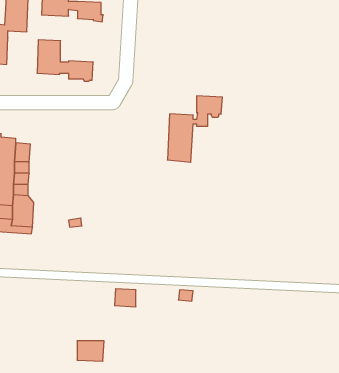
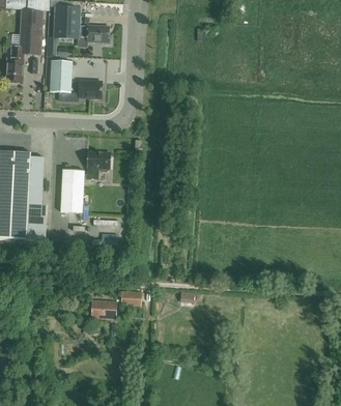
building: [167,96,222,162] -> [60,151,111,212]
building: [77,341,104,361] -> [91,300,116,319]

